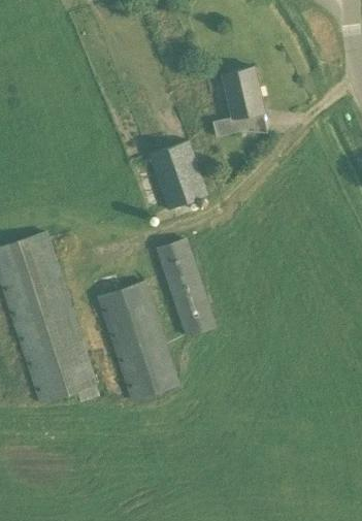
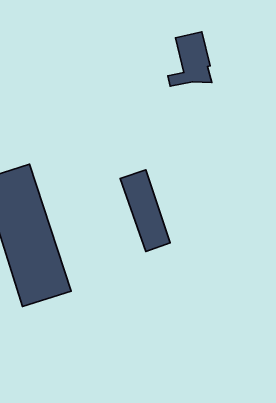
building: [150,140,208,208] -> none
building: [96,279,178,398] -> none

